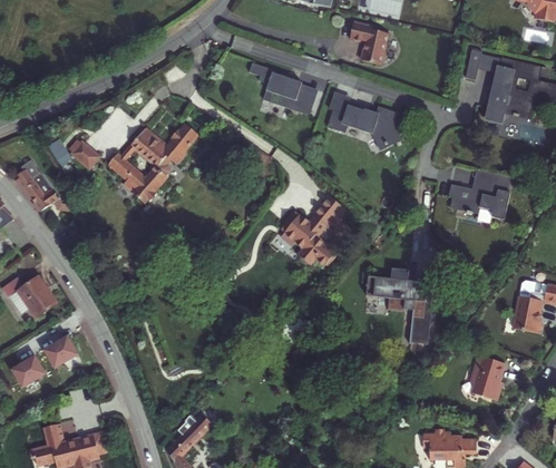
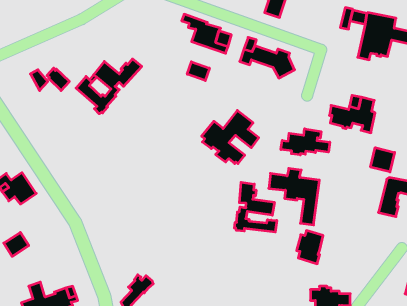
building: none -> [187,62,209,81]
building: [19,158,71,209] -> none
building: none -> [281,129,330,155]
building: none -> [371,148,395,172]
building: none -> [234,182,277,232]
building: [43,335,76,367] -> none
building: [468,357,504,401] -> [297,231,323,264]

